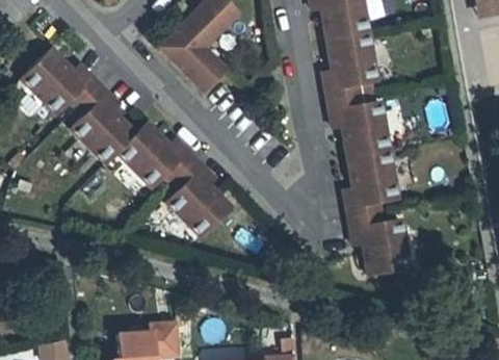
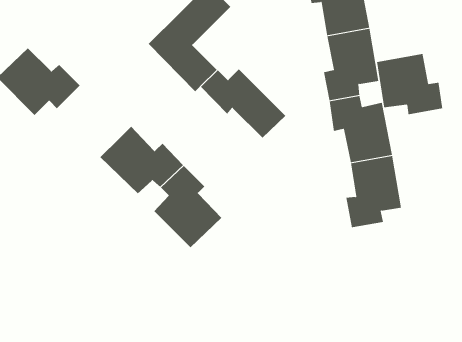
building: none -> [376,53,443,115]
building: none -> [200,69,286,138]
building: [71,84,134,162] -> none
building: [349,211,409,274] -> none

